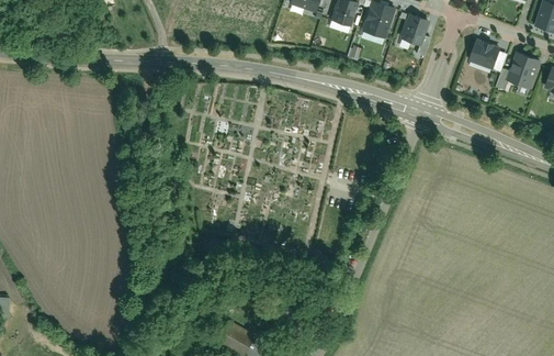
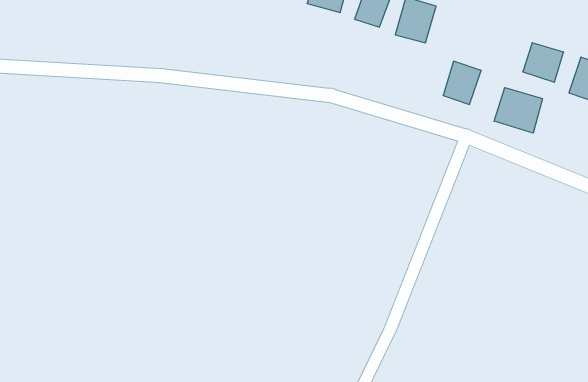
building: [398,11,430,47] -> [443,61,481,105]
building: none -> [494,88,542,133]

